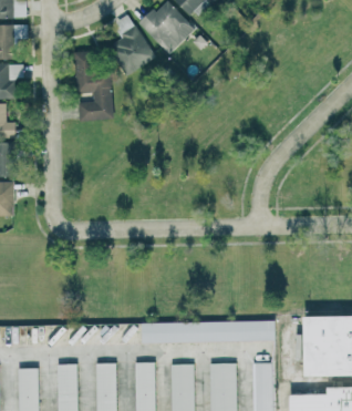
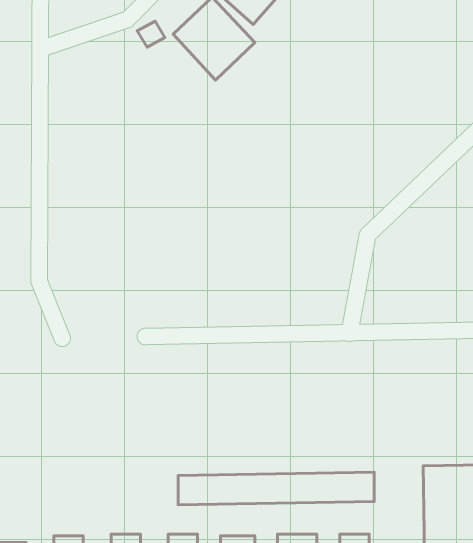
building: [107,28,155,76] -> none
building: [72,51,114,122] -> none

